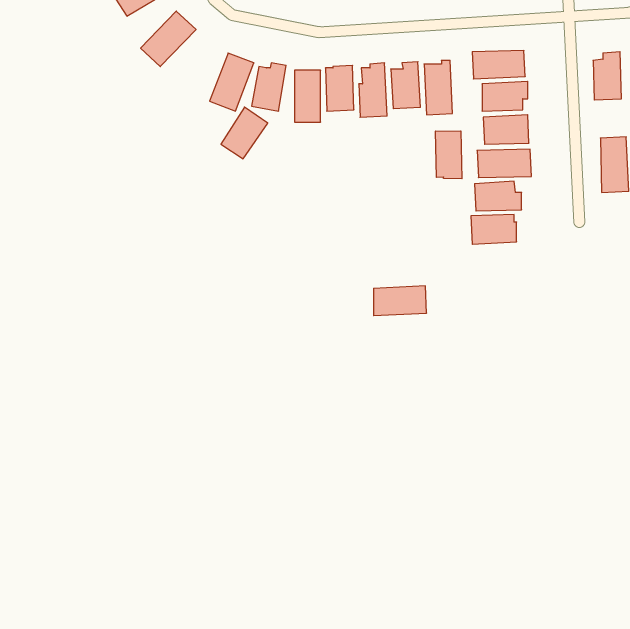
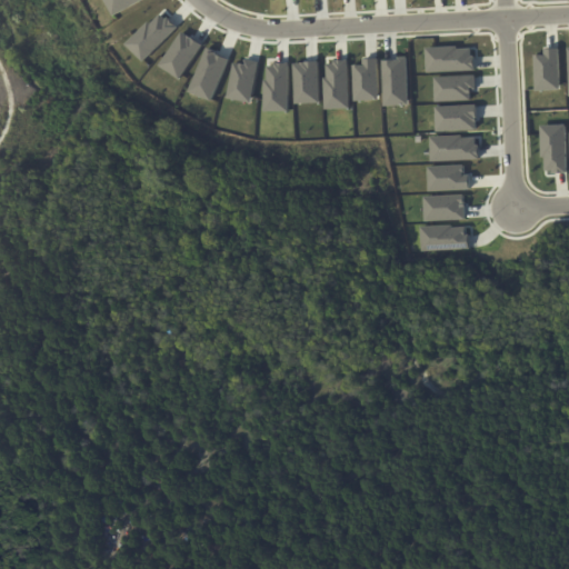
building: [221,107,268,159] -> [160,30,202,77]
building: [436,131,462,179] -> none
building: [374,286,427,316] -> [421,223,469,250]

